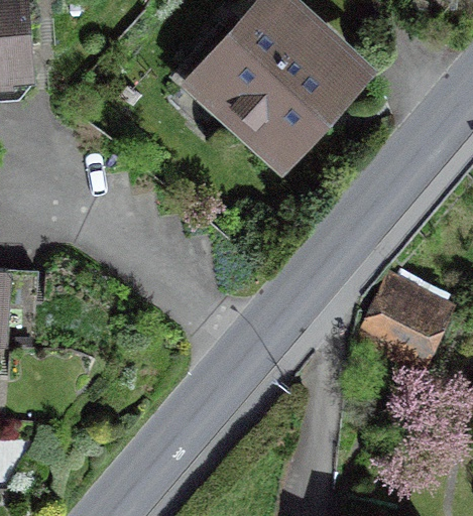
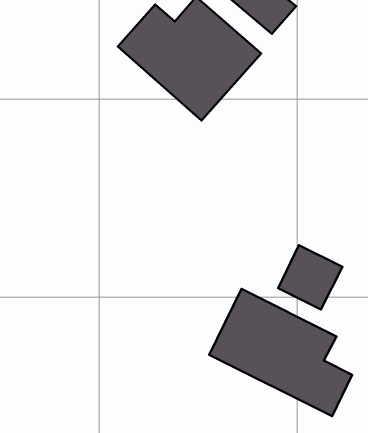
building: none -> [209,289,352,416]

